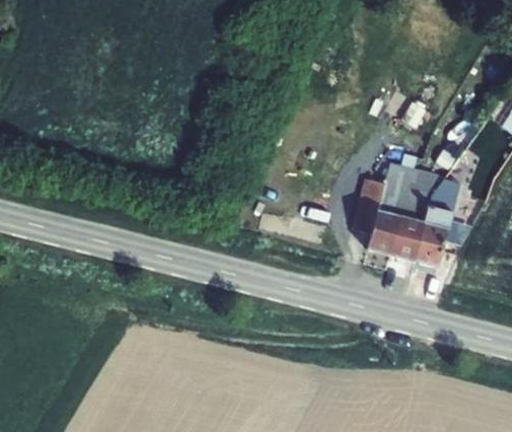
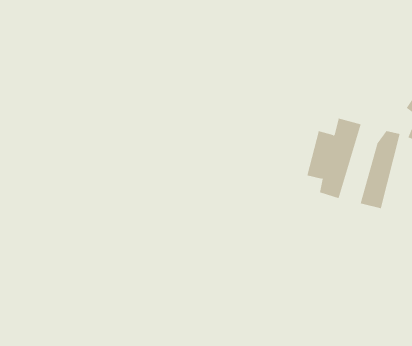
building: [393,169,446,259] -> none

